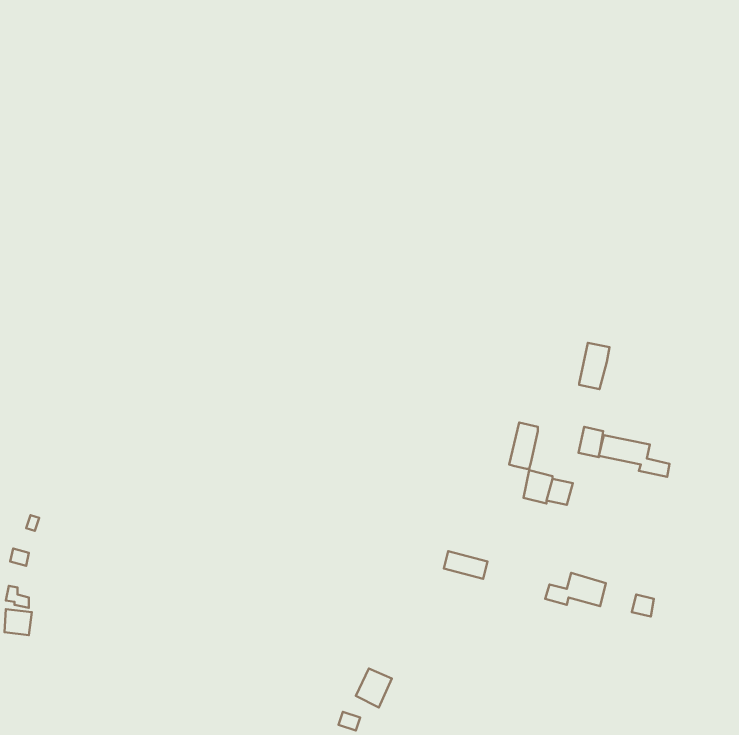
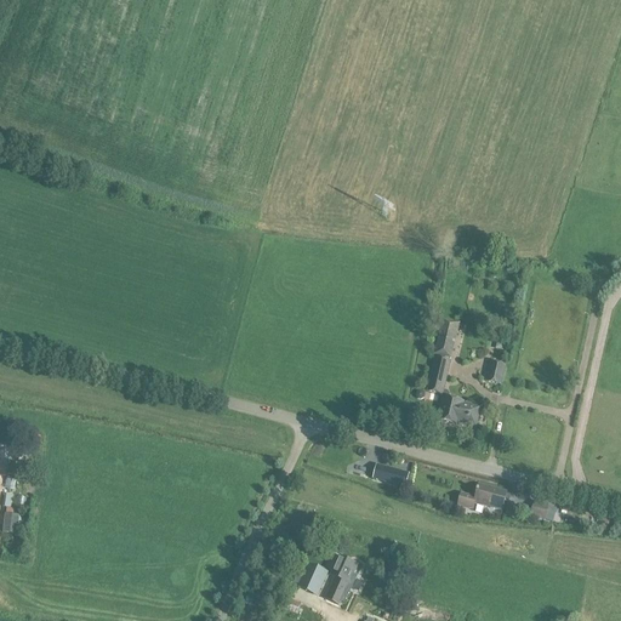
building: [579,343,610,389] -> [434,317,460,355]
building: [599,435,669,477] -> none
building: none -> [325,553,358,603]

